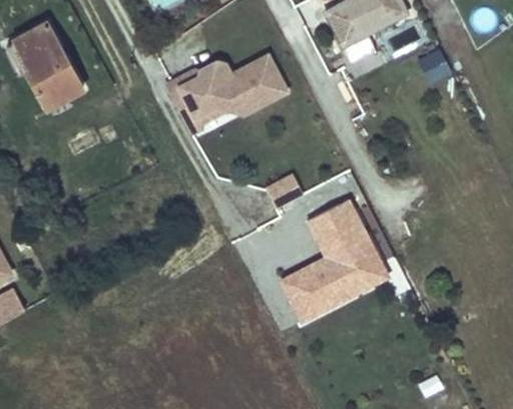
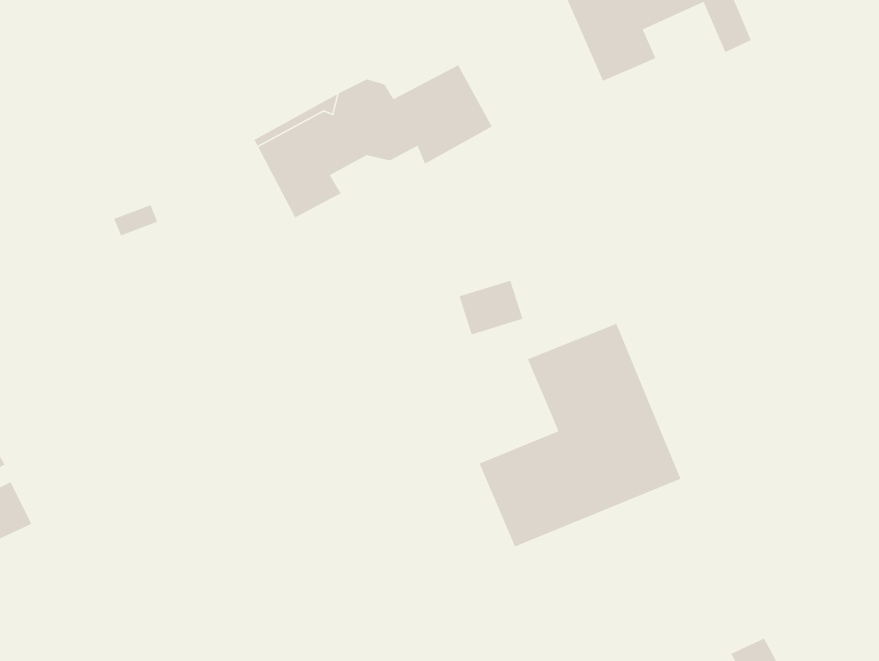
building: [15,24,81,107] -> none

